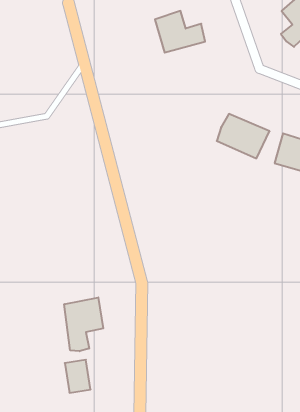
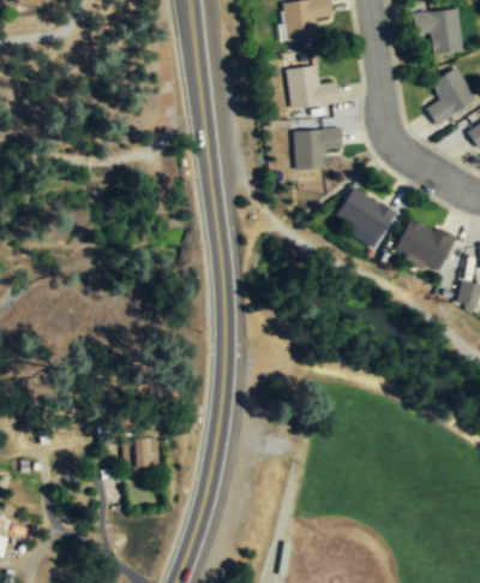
building: none -> [294,130,344,169]
building: [64,297,103,351] -> none

